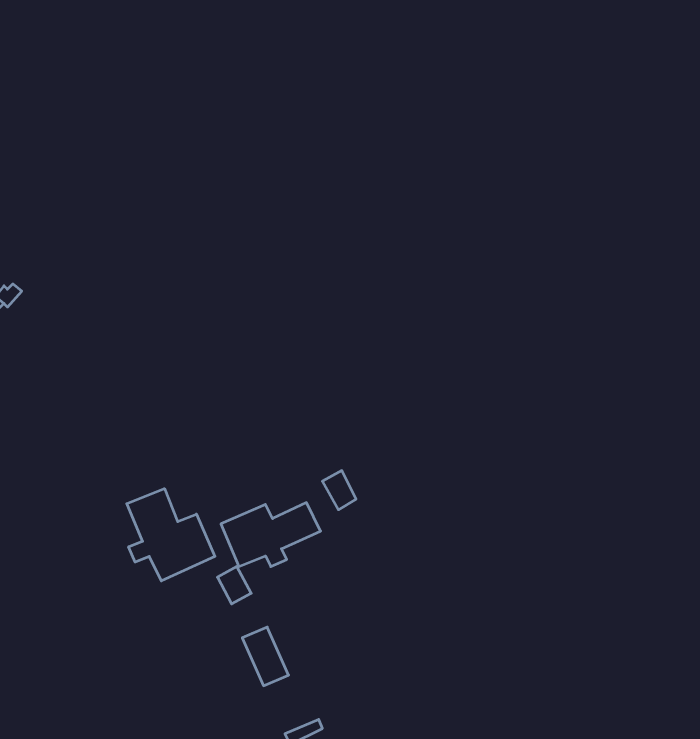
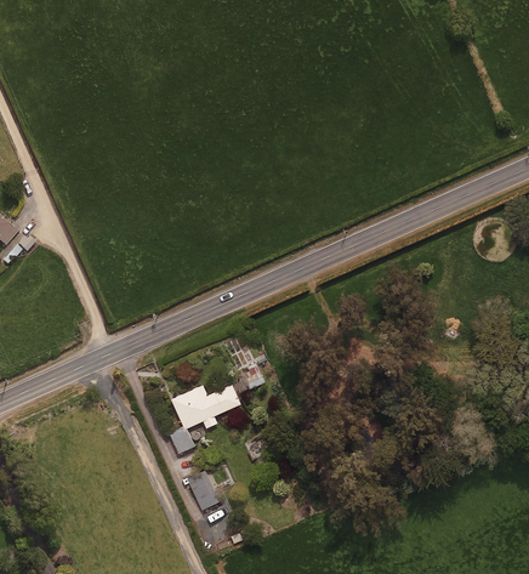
building: [127,489,215,581] -> none

